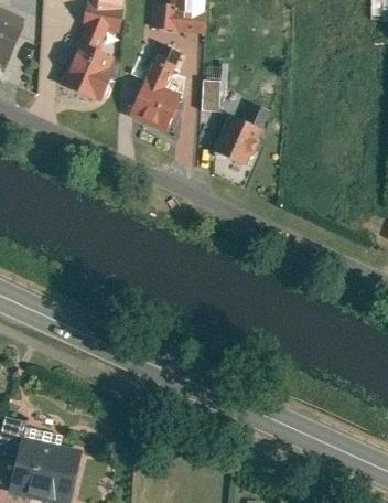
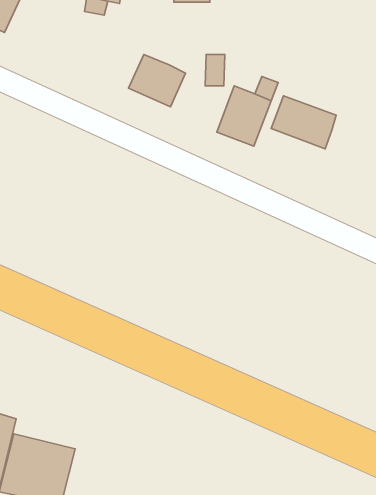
building: [63,39,118,101] -> none
building: [143,41,184,89] -> none
building: none -> [271,96,336,149]

